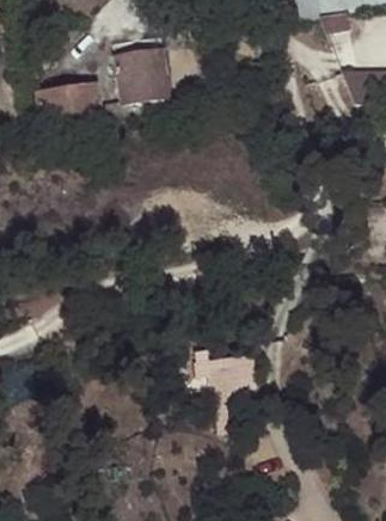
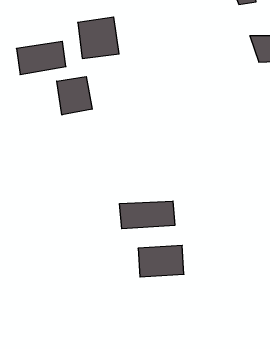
building: none -> [57,77,92,115]
building: none -> [120,201,175,229]

